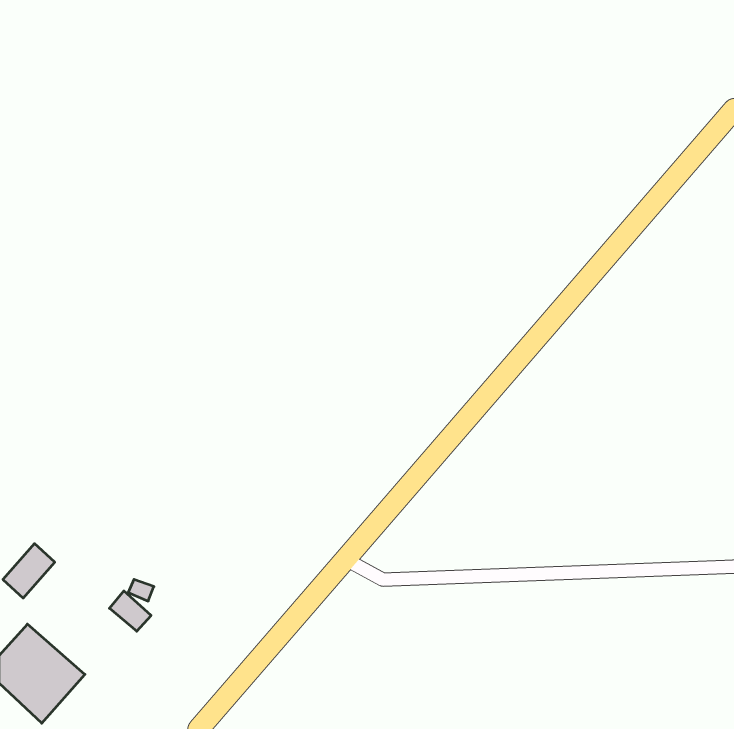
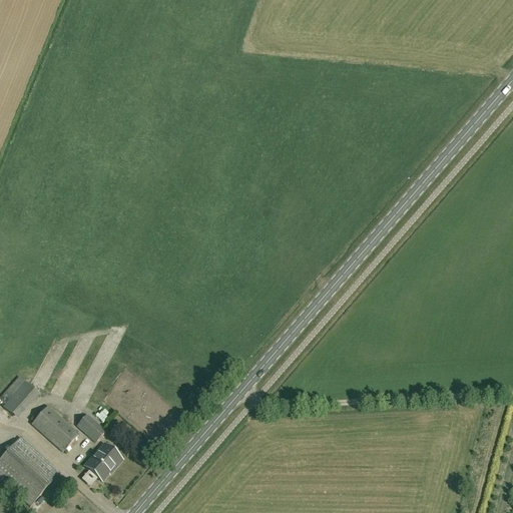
building: none -> [31,404,78,449]
building: none -> [84,441,121,479]

